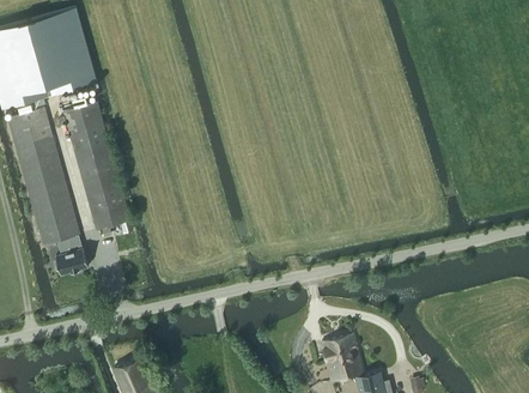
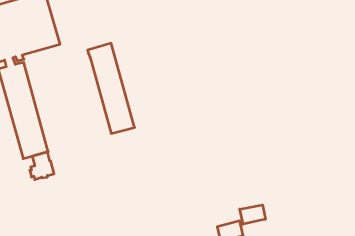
building: [63,102,130,230] -> [88,43,135,133]
building: none -> [240,205,265,224]

